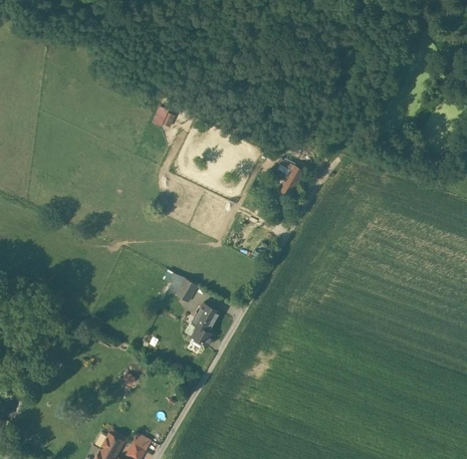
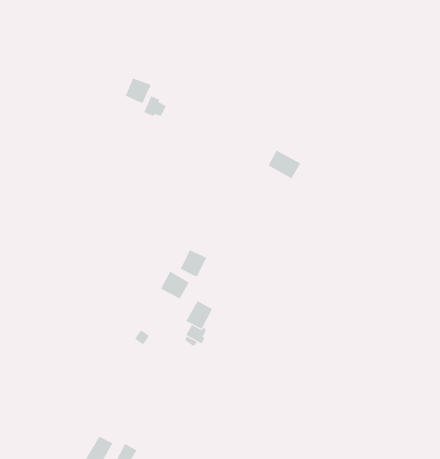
building: none -> [125,76,151,103]
building: none -> [179,248,207,277]

